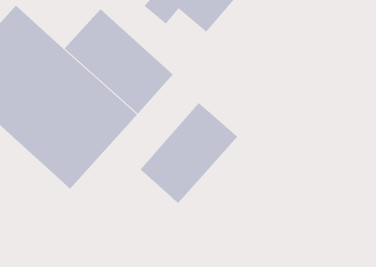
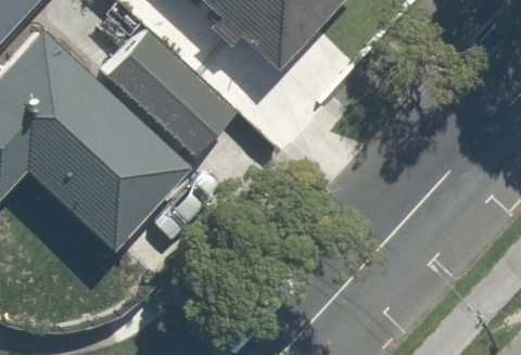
building: [140,102,238,204] -> none

